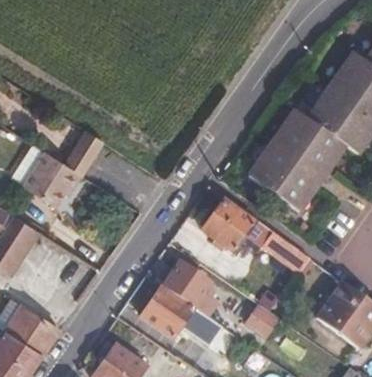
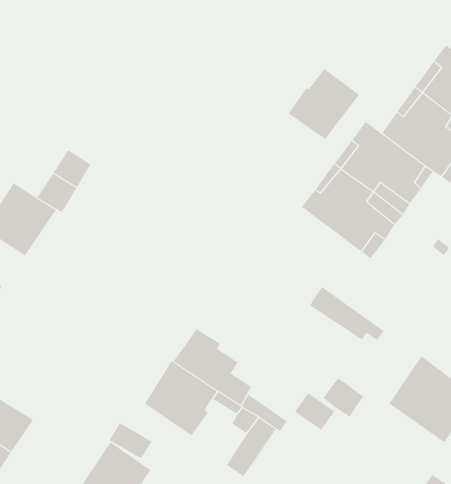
building: none -> [288,68,360,140]
building: [202,198,252,250] -> none

